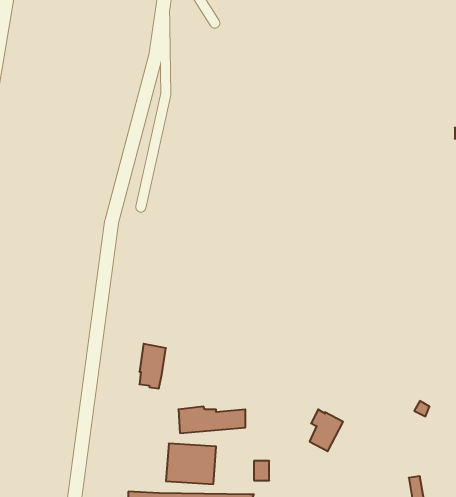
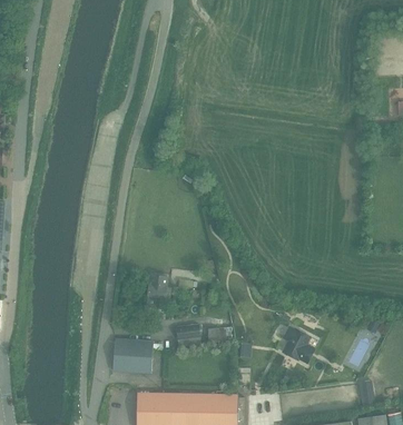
building: [166,444,216,484] -> [112,340,153,373]

